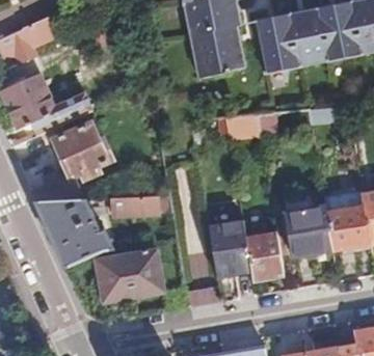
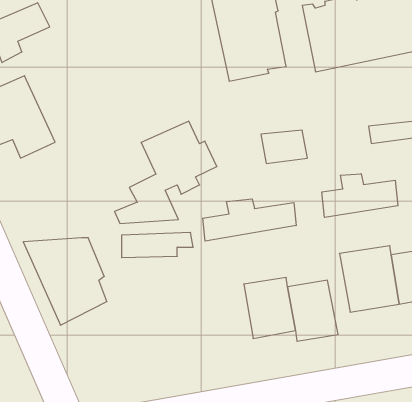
building: [33,122,113,202] -> [115,121,217,223]
building: none -> [322,174,398,217]
building: none -> [203,199,296,241]
building: [98,251,163,300] -> none

